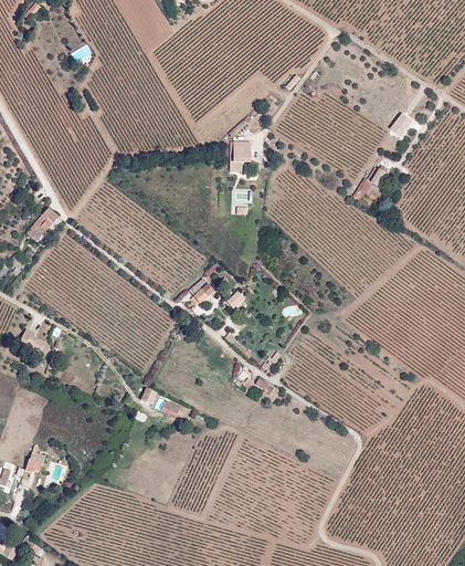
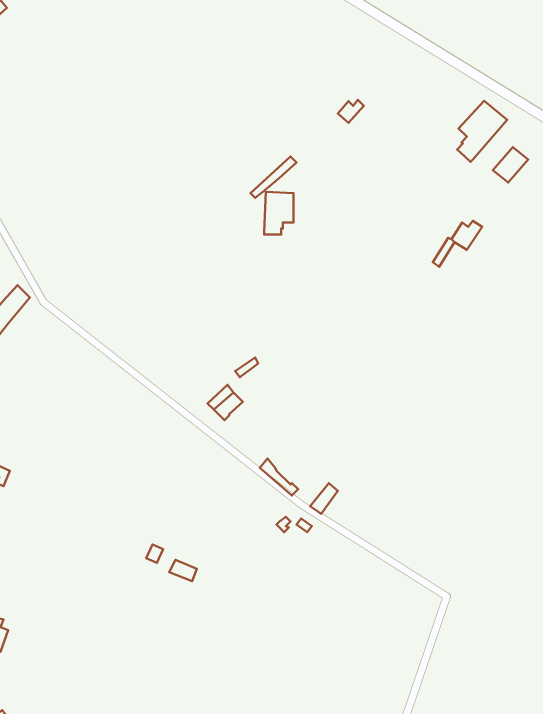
building: none -> [457,101,507,162]

